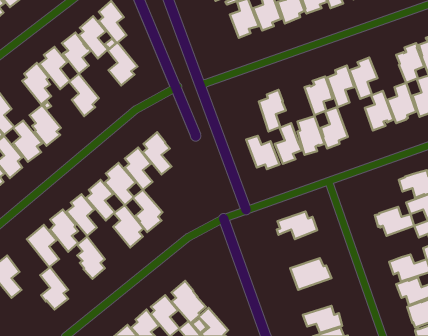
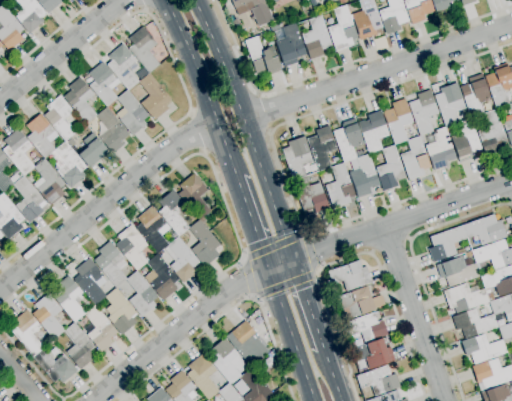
building: none -> [246,36,282,73]
building: none -> [435,82,467,126]
building: none -> [117,90,150,135]
building: none -> [27,113,60,158]
building: none -> [334,118,365,162]
building: none -> [79,132,110,167]
building: none -> [283,135,314,180]
building: none -> [401,135,433,180]
building: none -> [189,219,221,266]
building: none -> [429,225,468,261]
building: none -> [127,270,159,316]
building: none -> [445,282,490,313]
building: none -> [331,286,386,319]
building: none -> [33,293,65,339]
building: none -> [85,305,119,352]
building: none -> [227,319,268,366]
building: none -> [352,338,396,369]
building: none -> [34,347,79,383]

